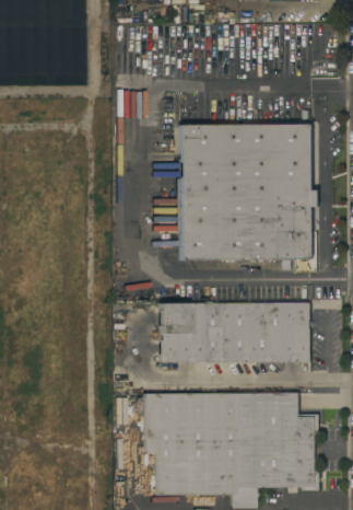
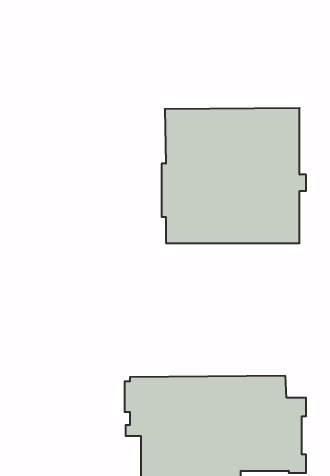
building: [158,302,313,362] -> none

